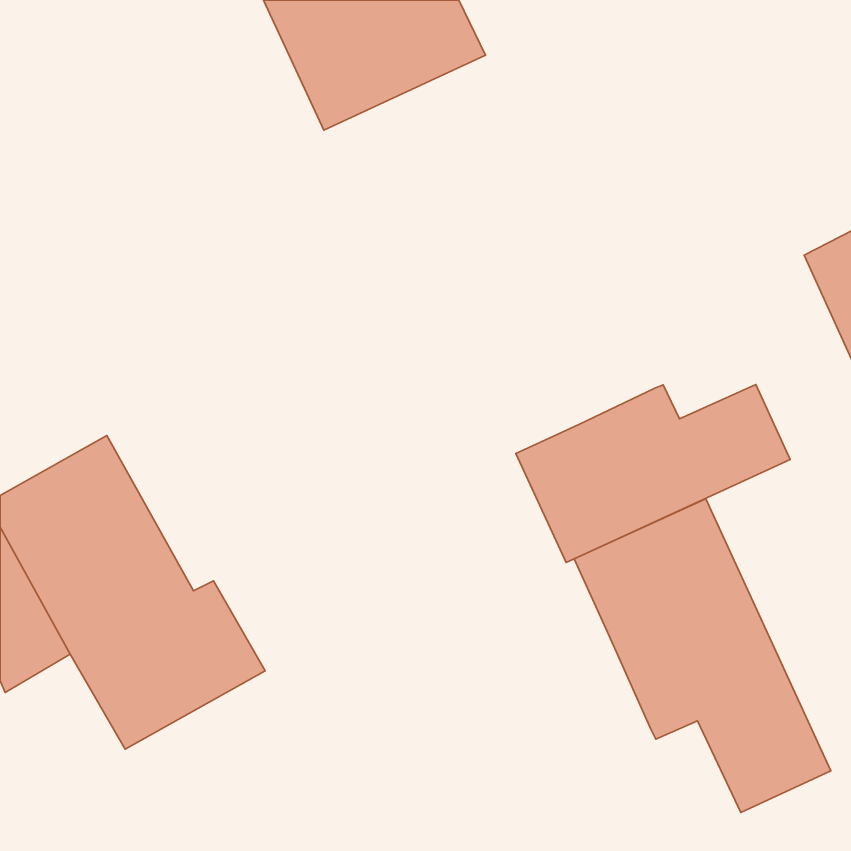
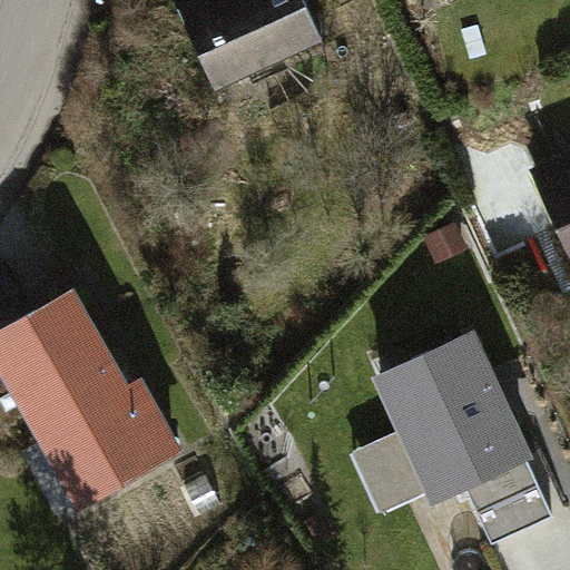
building: [516,385,790,563] -> none
building: none -> [357,425,435,510]

